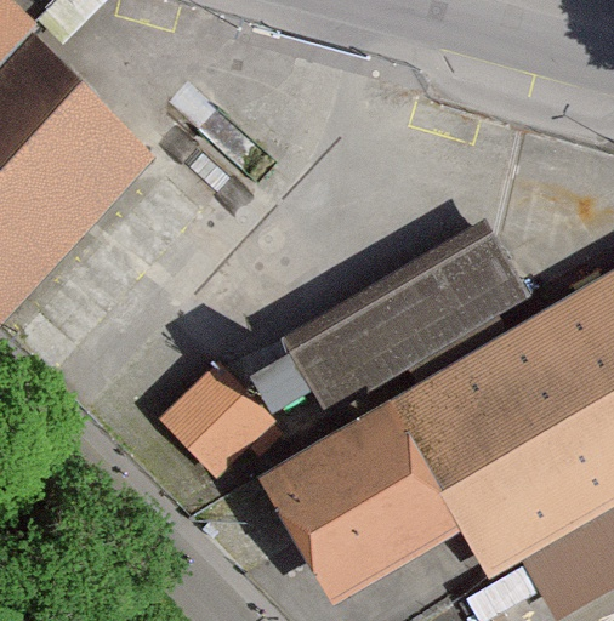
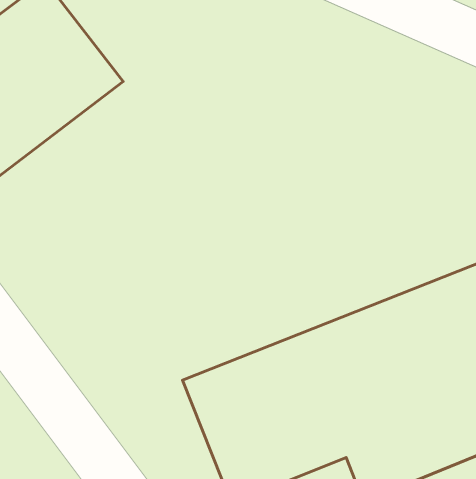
building: [279,223,531,418] -> none
building: [160,366,269,475] -> none

